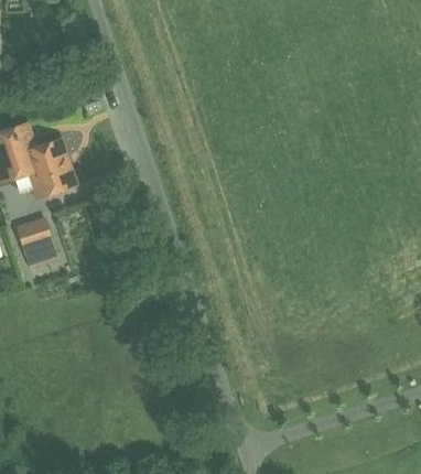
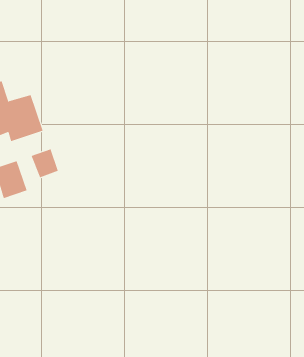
building: none -> [31,149,59,178]

